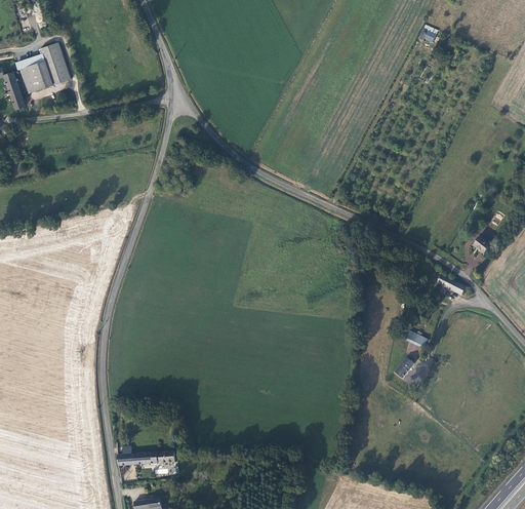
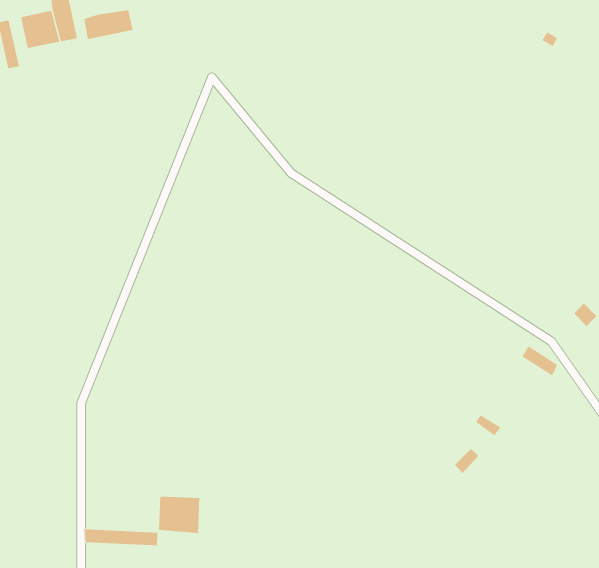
building: none -> [84,10,133,40]
building: none -> [158,496,200,534]

